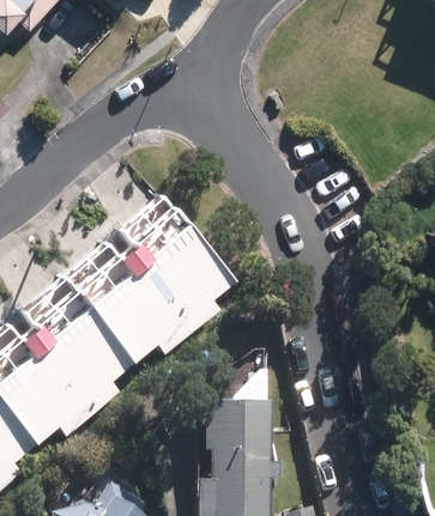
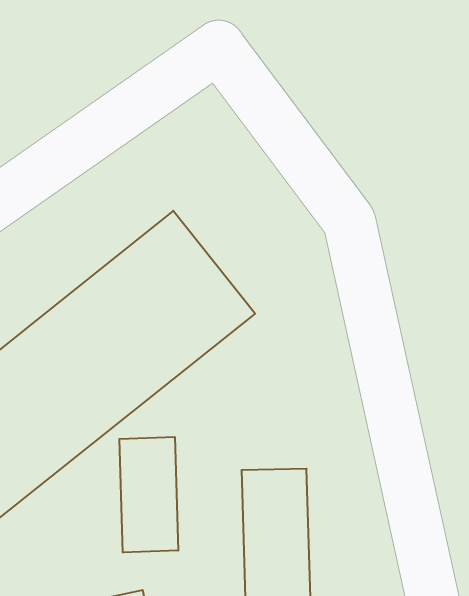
building: none -> [119,437,178,553]

